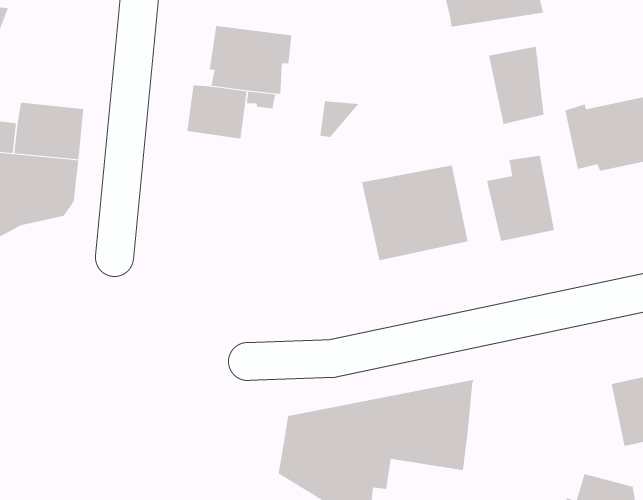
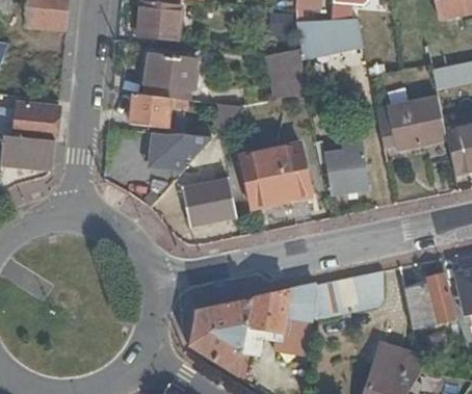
building: [488,46,544,124] -> [267,48,304,99]
building: none -> [146,132,211,169]
building: none -> [184,181,236,225]
building: none -> [311,272,383,318]

